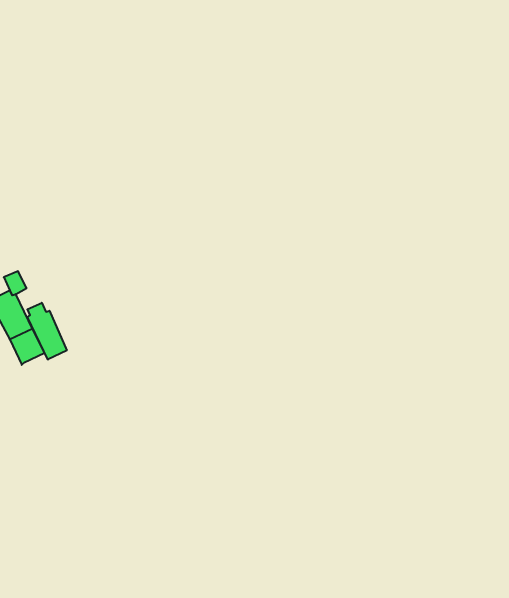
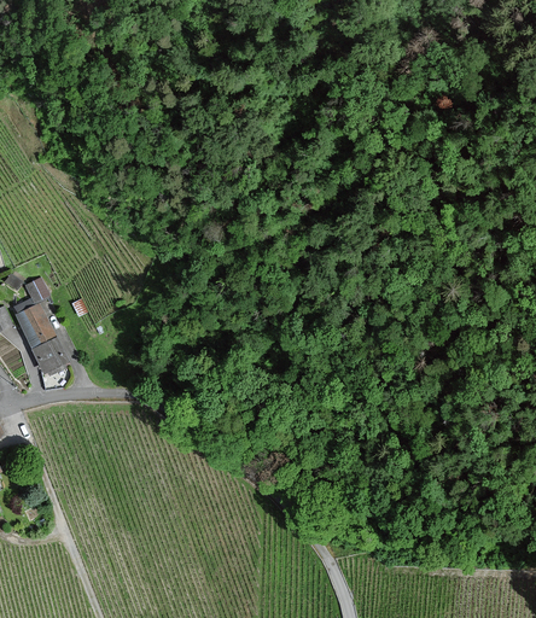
building: [27,303,67,360] -> none

